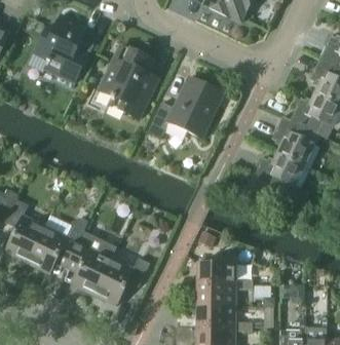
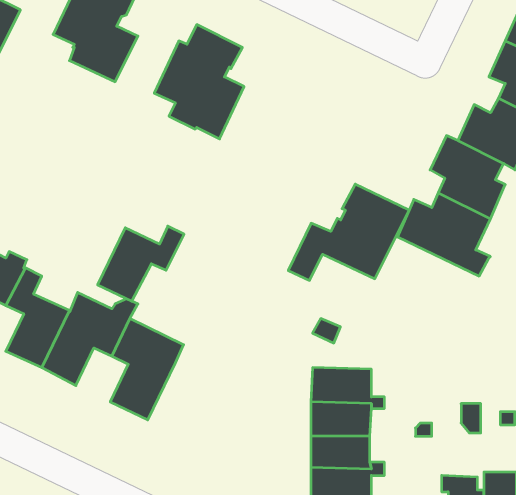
building: [147,77,223,138] -> [288,184,409,280]
building: [95,258,149,305] -> [98,226,184,301]

